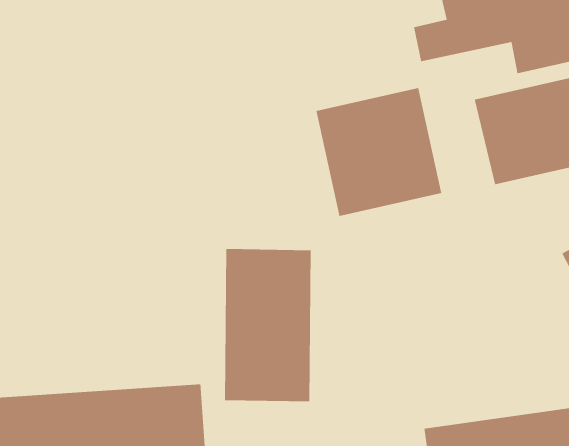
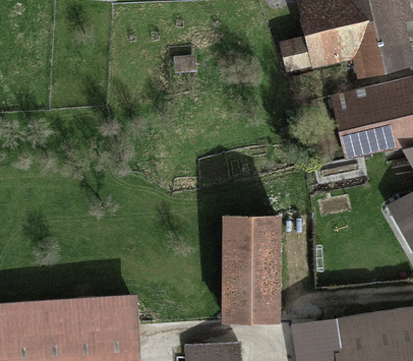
building: [316,87,442,217] -> none
building: [224,248,312,402] -> [228,212,288,317]

